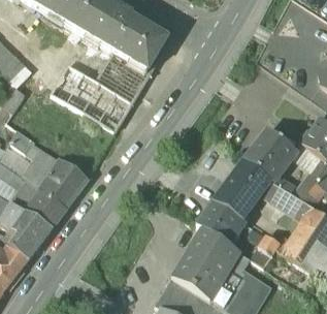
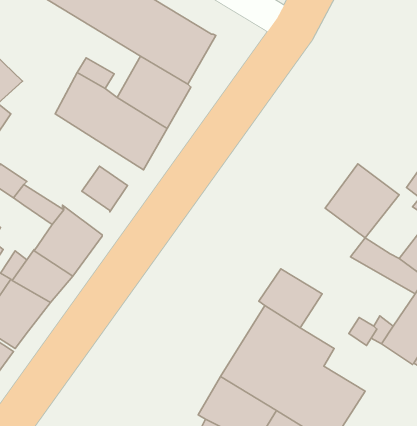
building: [21,157,53,189] -> [82,166,128,212]
building: [212,159,271,219] -> none

